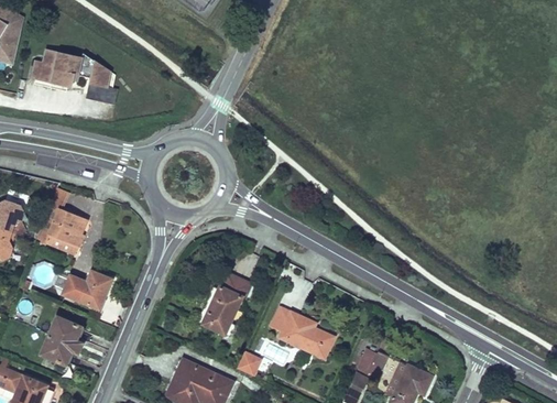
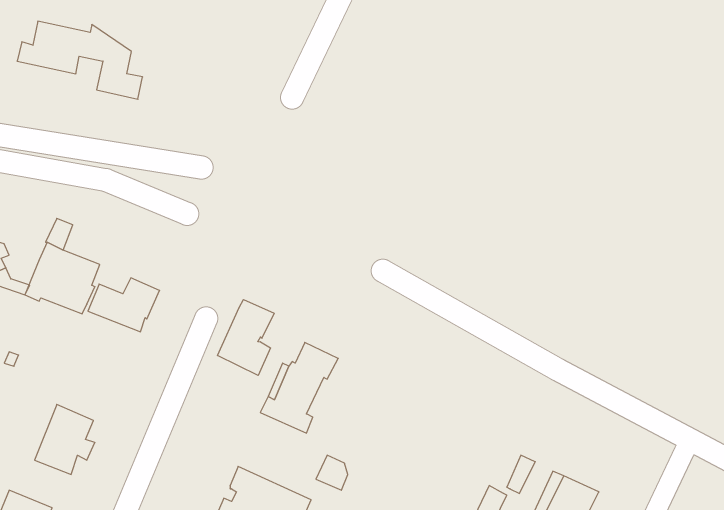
building: none -> [218,300,274,375]
building: [63,271,112,308] -> [88,278,160,332]
building: [280,312,335,358] -> none

